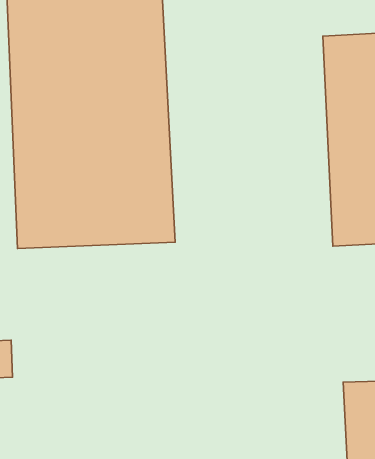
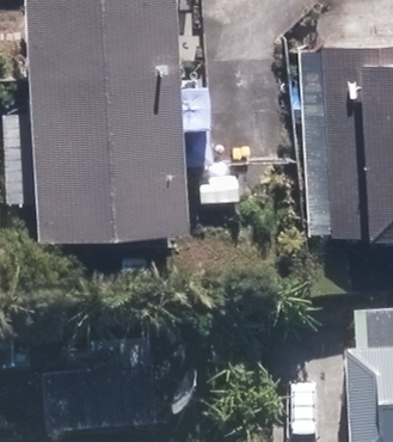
building: none -> [45,338,160,431]

